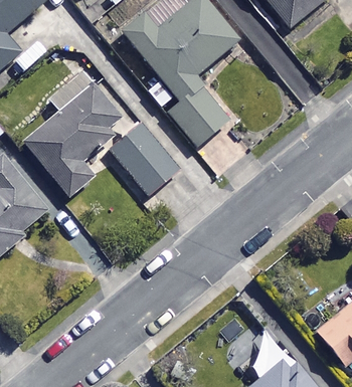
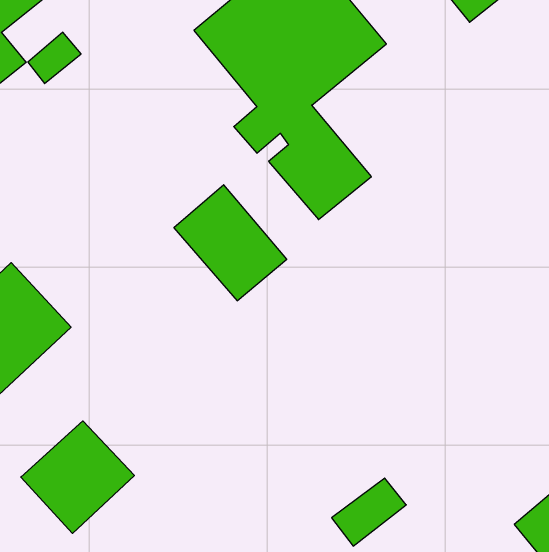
building: [25,64,125,193] -> none
building: none -> [21,421,134,533]

